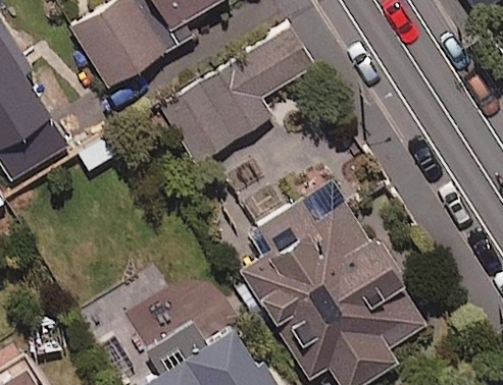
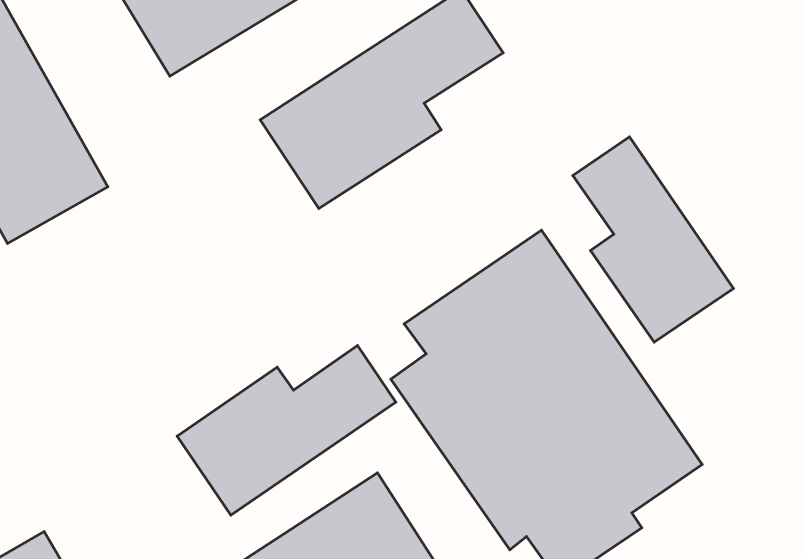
building: none -> [573,137,733,342]
building: none -> [177,345,396,515]

